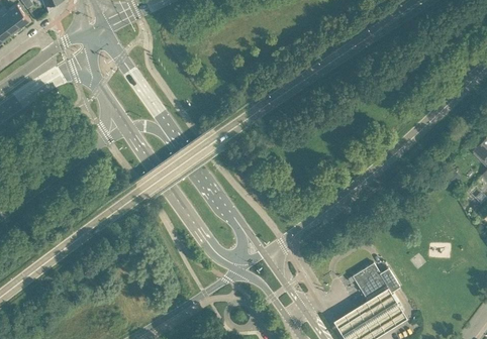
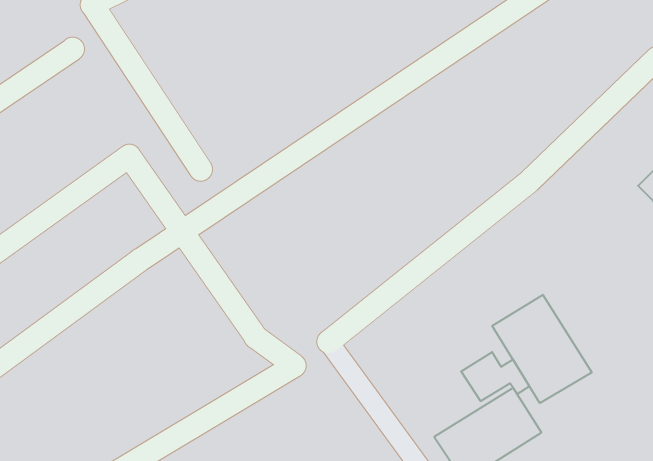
building: none -> [492,295,592,403]

